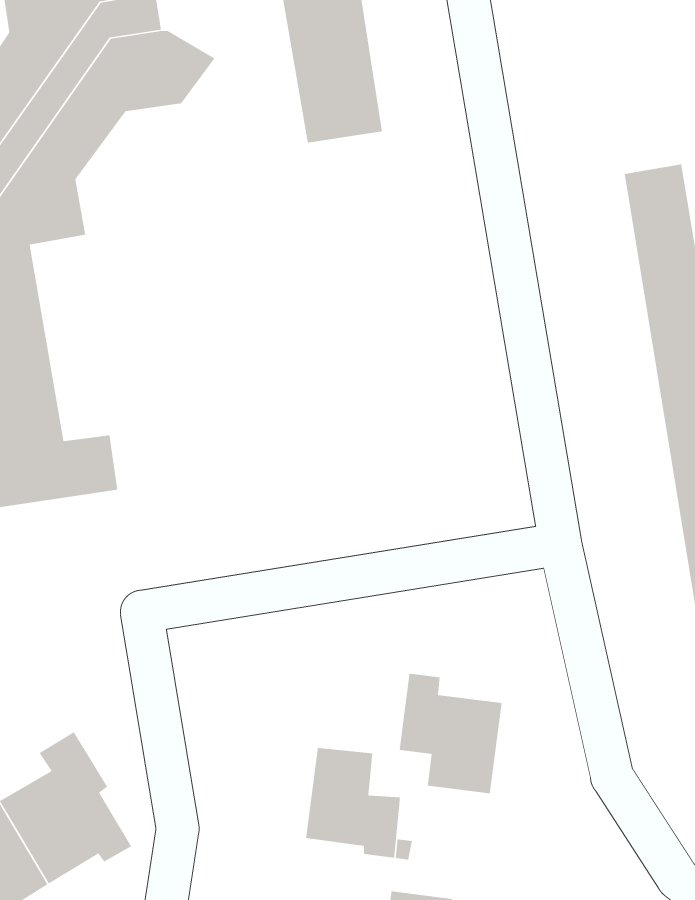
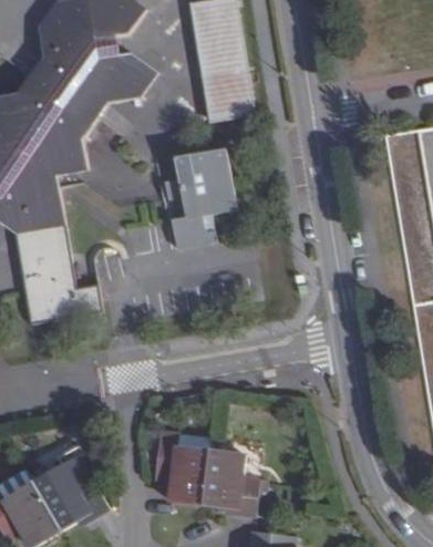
building: none -> [161,148,236,247]
building: [399,673,502,794] -> [156,437,214,505]

